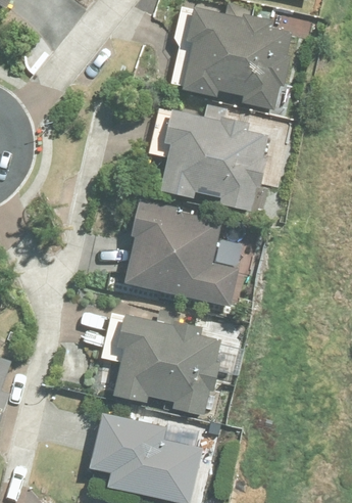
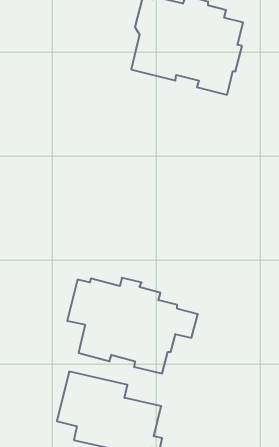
building: [148,104,268,211] -> none
building: [125,199,237,306] -> none

